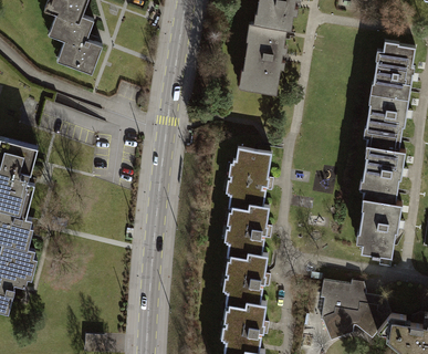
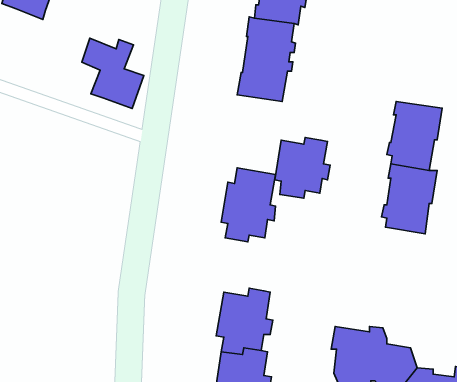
building: [49,15,101,74] -> [82,38,144,108]
building: [373,40,417,98] -> none
building: [357,198,403,258] -> none
building: [225,205,271,256] -> [275,137,330,198]

